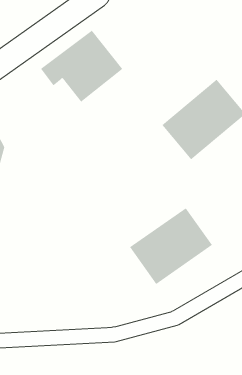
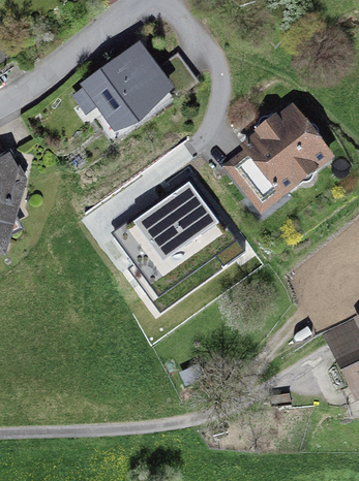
building: [129,207,213,285] -> [116,181,222,279]

